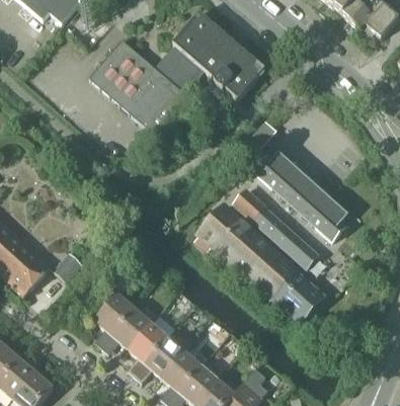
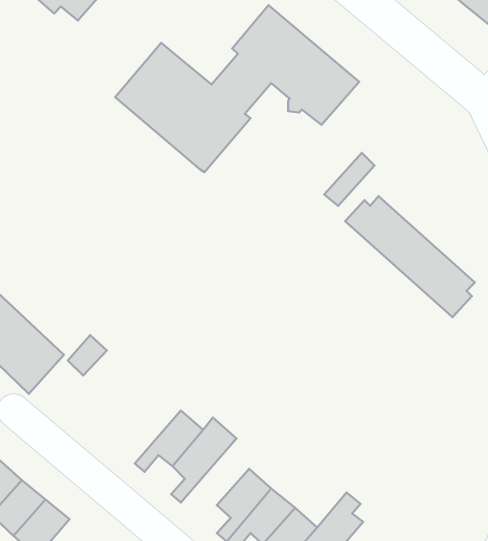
building: [198,188,327,325] -> none
building: [94,294,135,346] -> none
building: [135,336,184,381] -> none

